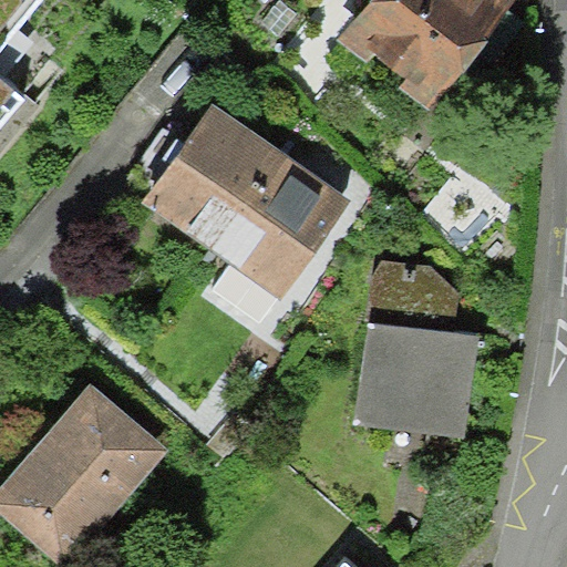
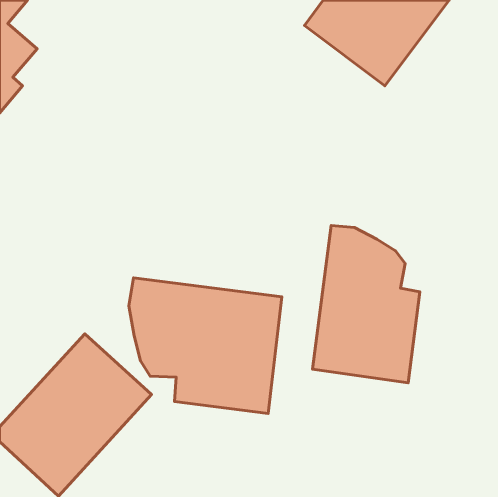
building: [144,106,338,320] -> none
building: none -> [129,278,282,414]

